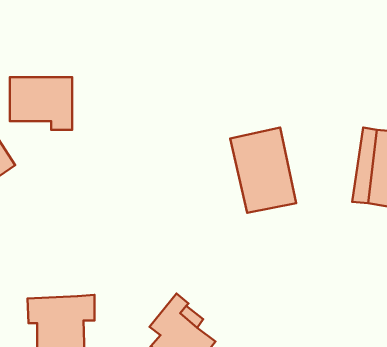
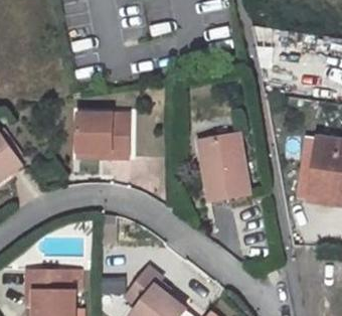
building: [10,77,72,130] -> [81,113,133,156]

